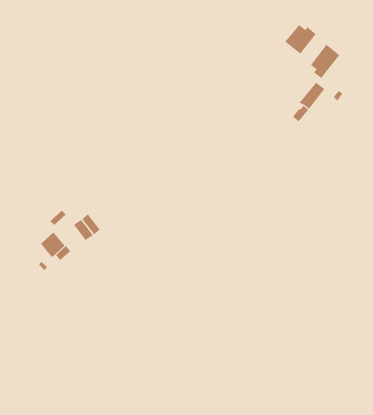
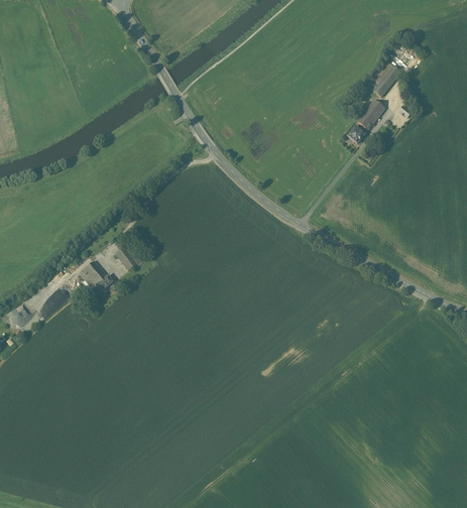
building: [284,24,317,54] -> none

